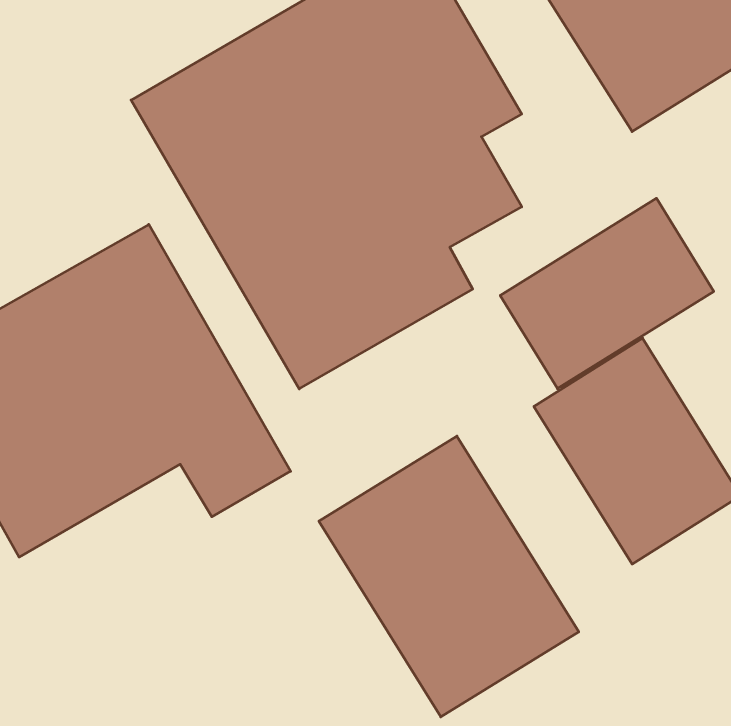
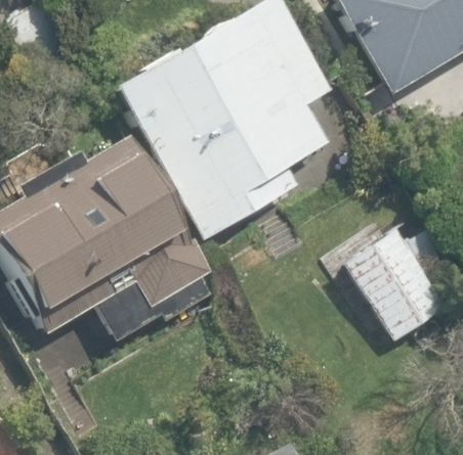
building: [500,198,714,389] -> none
building: [319,436,579,717] -> none

